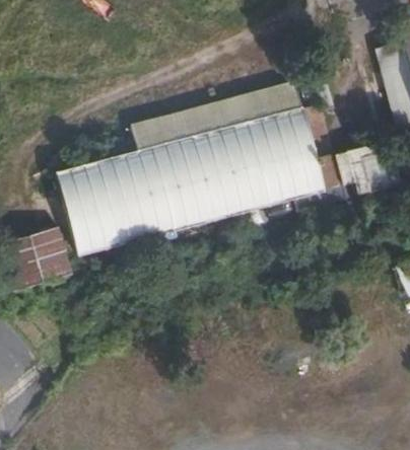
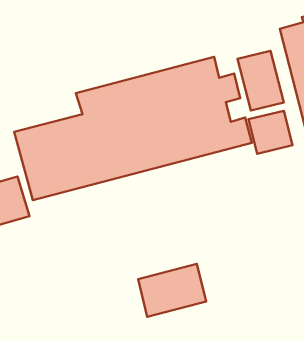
building: none -> [238,51,284,110]
building: none -> [138,264,206,317]

